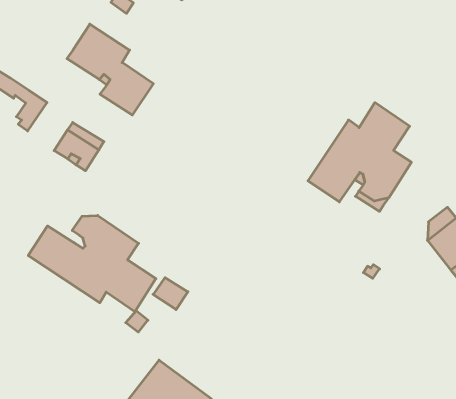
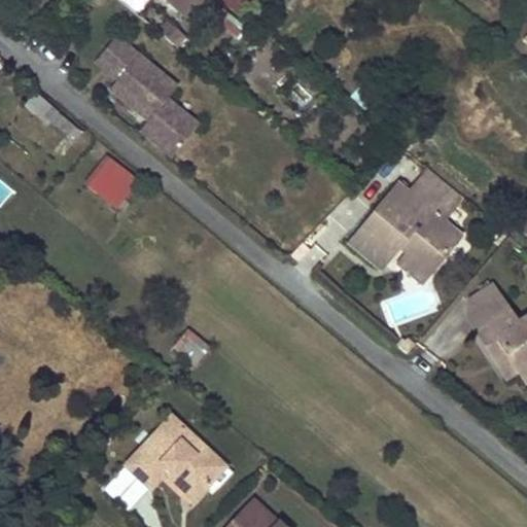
building: none -> [95,35,137,79]
building: [28,215,156,312] -> none

